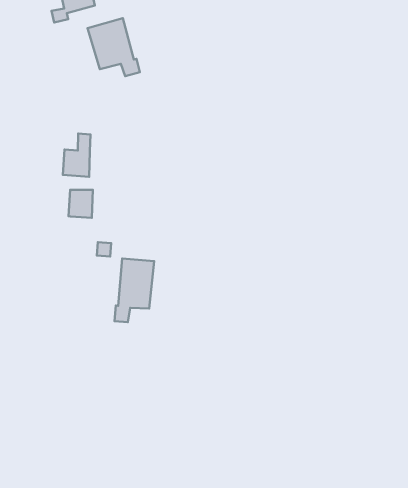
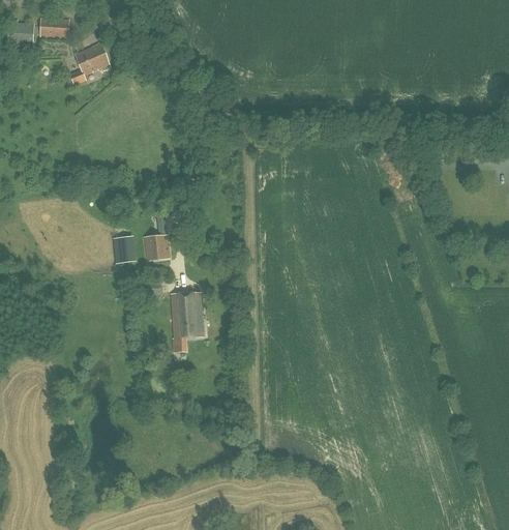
building: [87,18,140,76] -> none
building: [63,134,90,177] -> [144,218,171,260]

